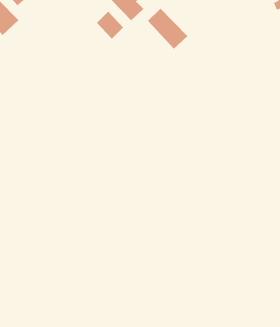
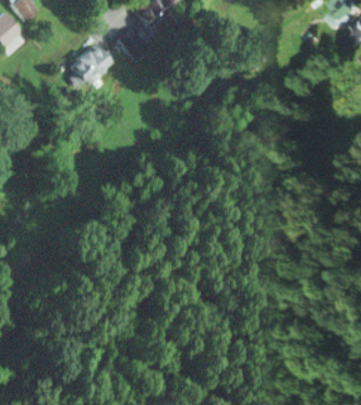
building: [147,8,188,50] -> none
building: none -> [68,45,109,86]

